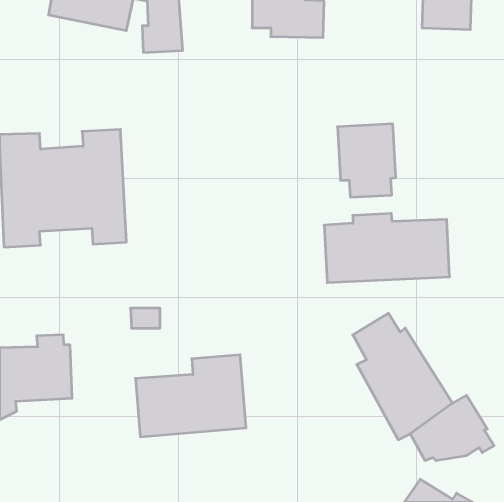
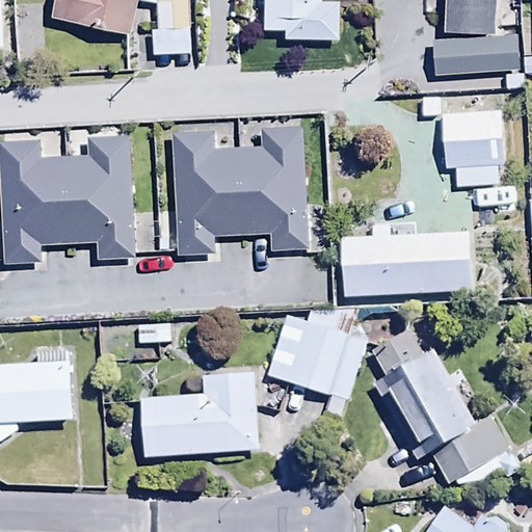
building: none -> [433,34,517,76]
building: none -> [172,128,309,250]
building: [337,124,396,197] -> [441,109,502,186]
building: none -> [266,312,368,419]

